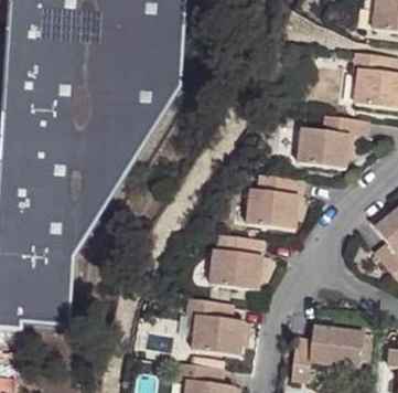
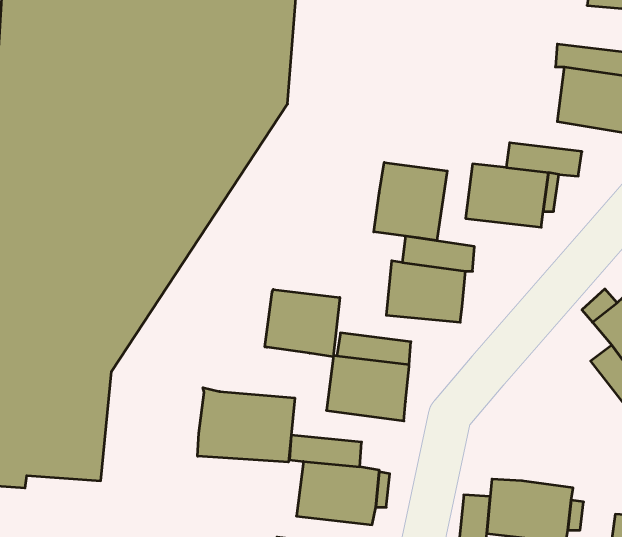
building: none -> [374,162,447,240]
building: none -> [265,289,340,357]
building: none -> [198,388,295,462]

